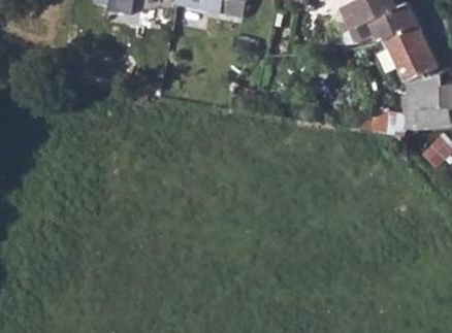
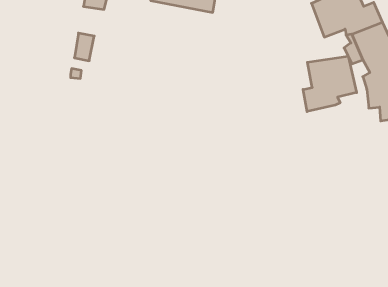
building: none -> [303,56,357,112]

